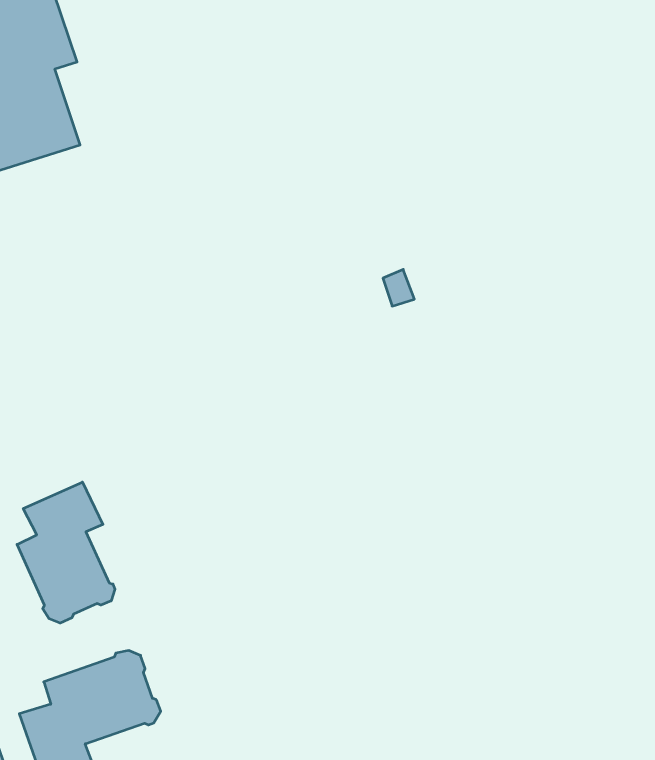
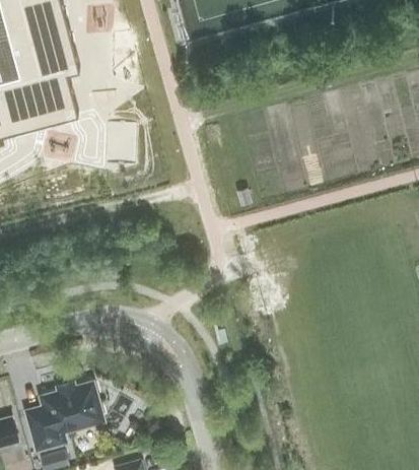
building: [17,482,115,623] -> none

